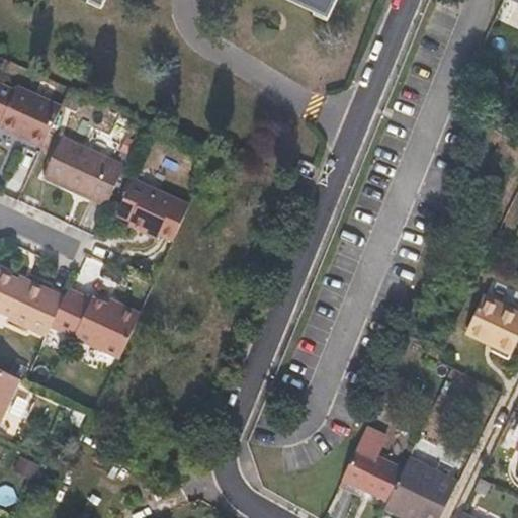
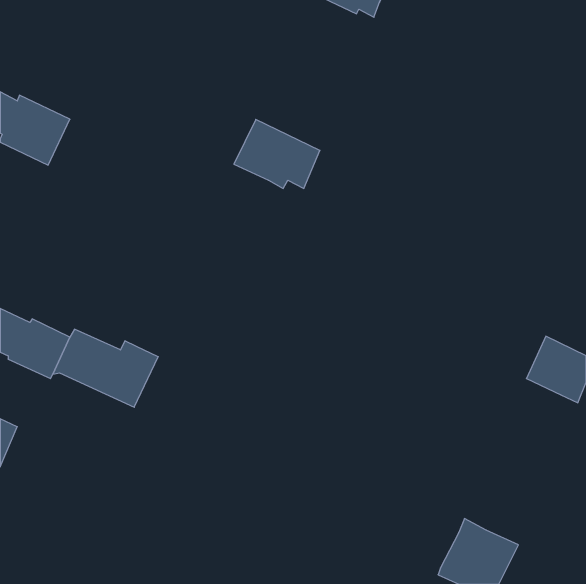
building: [39,134,124,205] -> none
building: [114,178,190,239] -> [234,119,320,188]
building: [342,428,405,501] -> none

